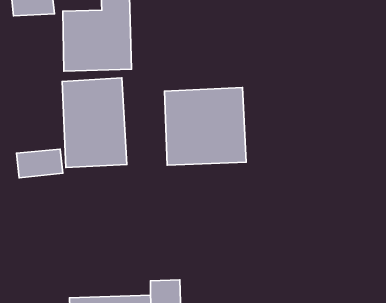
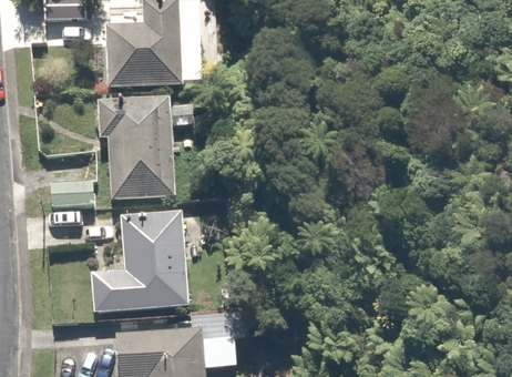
building: [165,87,246,165] -> none
building: none -> [91,206,190,313]

